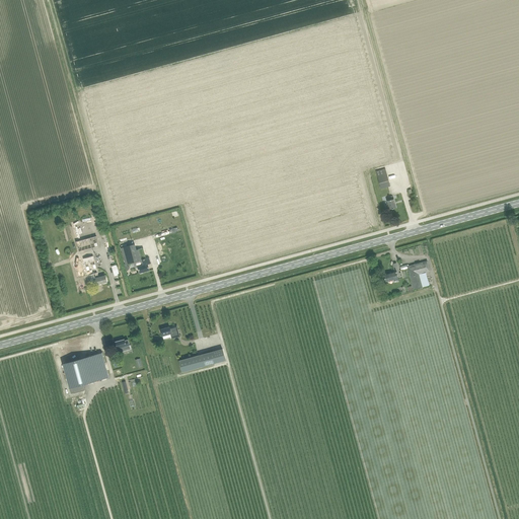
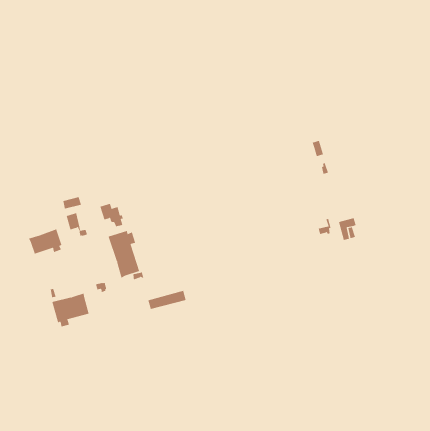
building: none -> [28,229,62,255]
building: none -> [108,230,140,278]

